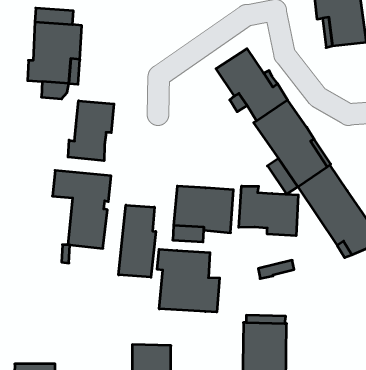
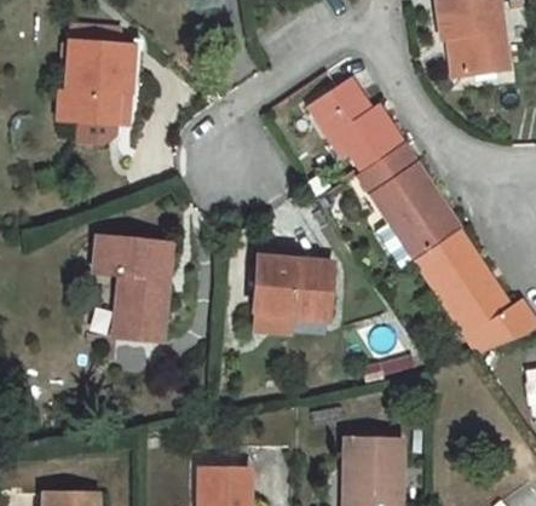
building: [68,101,114,161] -> none
building: [239,186,298,236] -> none
building: [119,205,156,277] -> none
building: [157,249,220,312] -> none

